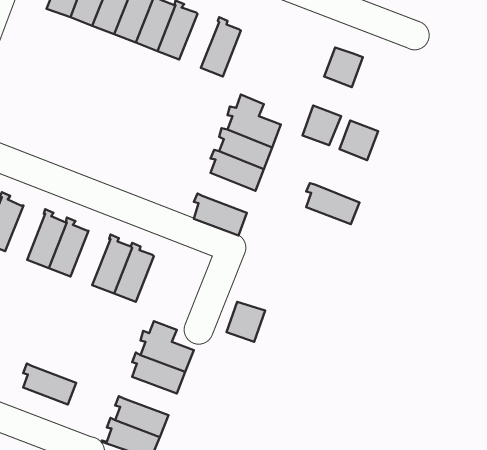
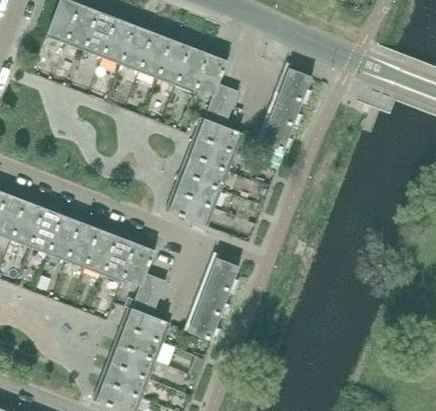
building: none -> [157,36,191,85]
building: none -> [194,50,238,116]
building: [339,120,378,160] -> [270,92,302,126]
building: [306,183,359,224] -> [176,173,221,207]
building: none -> [11,197,45,247]
building: none -> [66,218,99,268]
building: none -> [121,239,165,305]
building: none -> [206,258,238,289]
building: none -> [188,307,220,340]
building: [23,364,76,405] -> [111,343,155,378]

